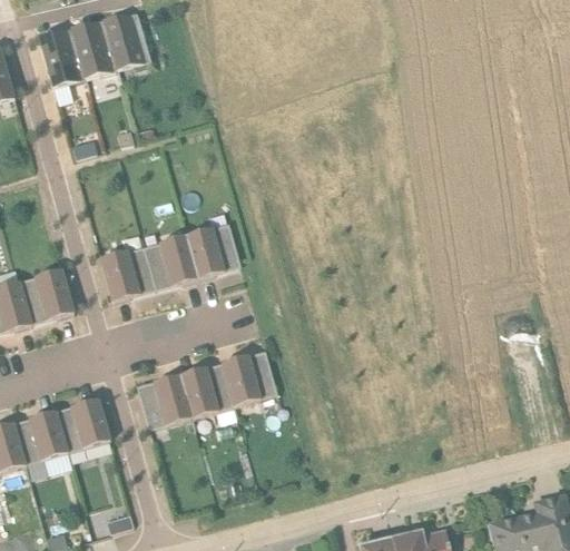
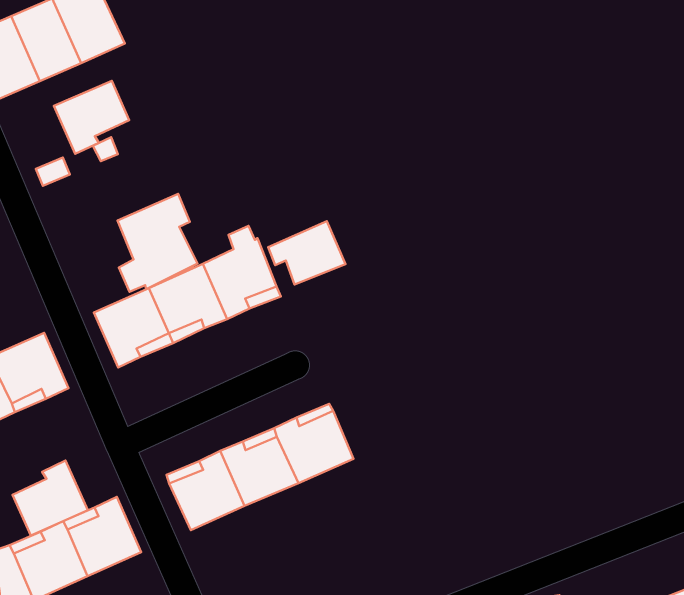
building: none -> [54,81,129,154]
building: none -> [118,194,197,292]
building: none -> [268,221,346,284]
building: none -> [12,461,88,535]

